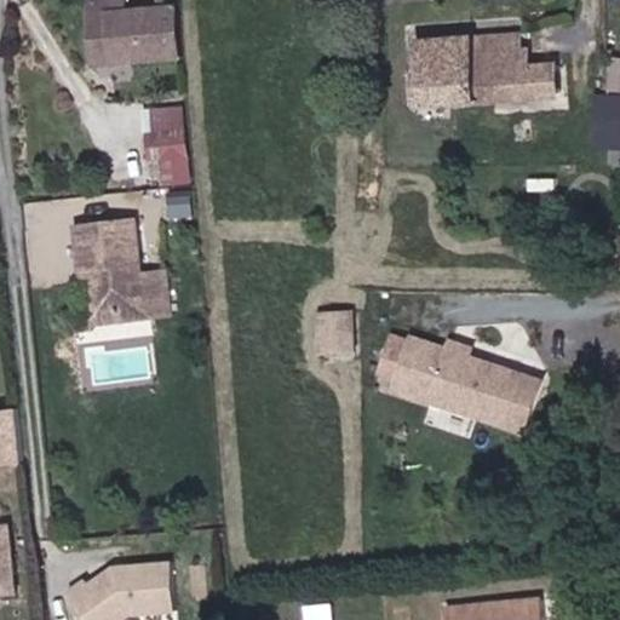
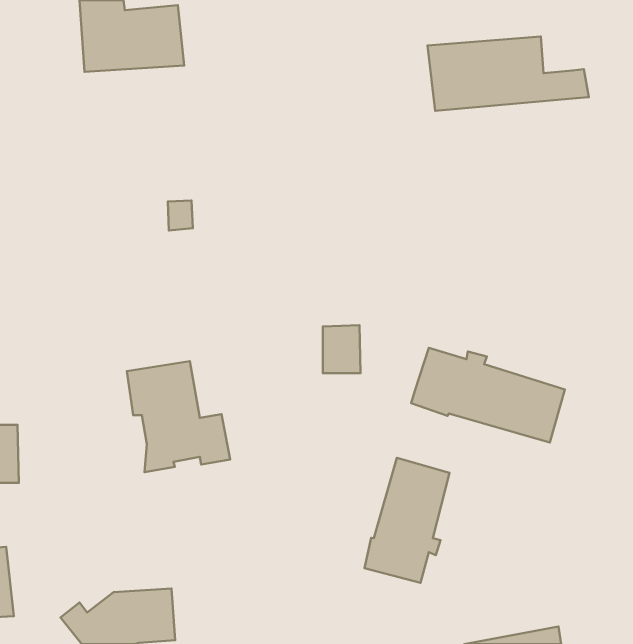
building: [137,109,183,186] -> none
building: [74,216,173,322] -> [127,361,230,472]
building: none -> [365,458,449,583]

